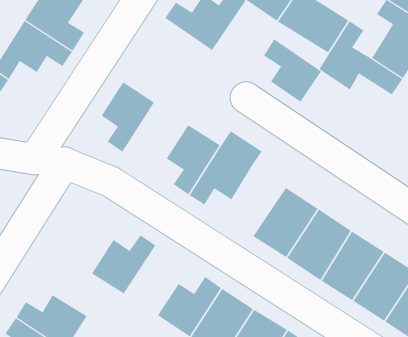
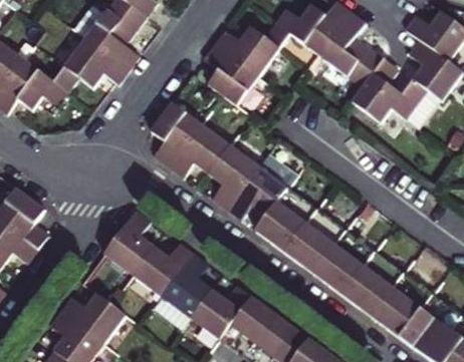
building: [263,39,322,102] -> [203,44,256,104]
building: none -> [168,121,229,176]
building: none -> [255,186,315,250]
building: none -> [102,210,154,275]
building: none -> [153,253,211,327]

